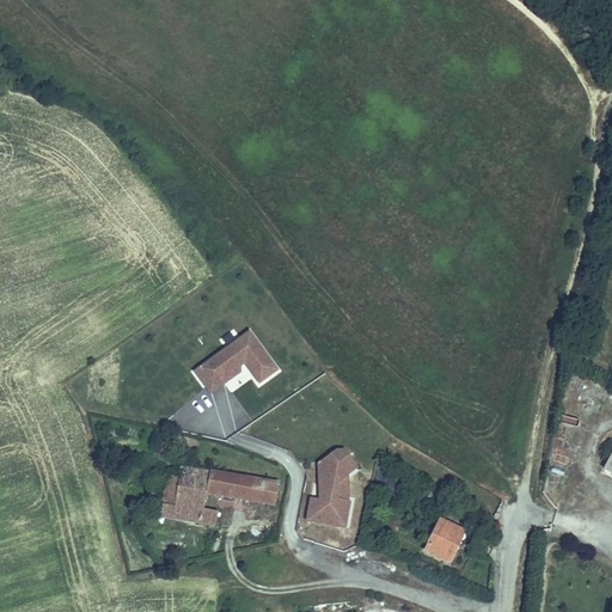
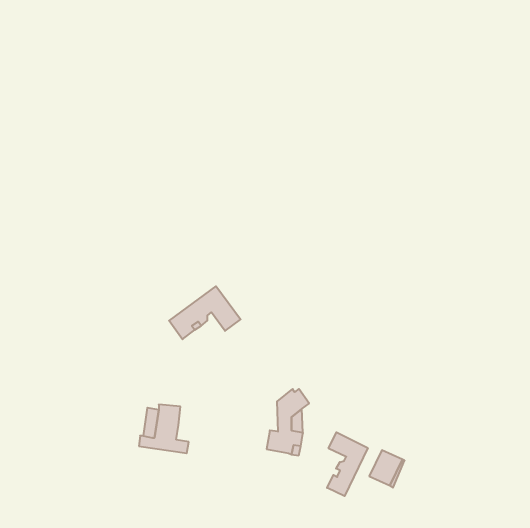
building: [206,469,277,502] -> none
building: none -> [327,432,368,496]

